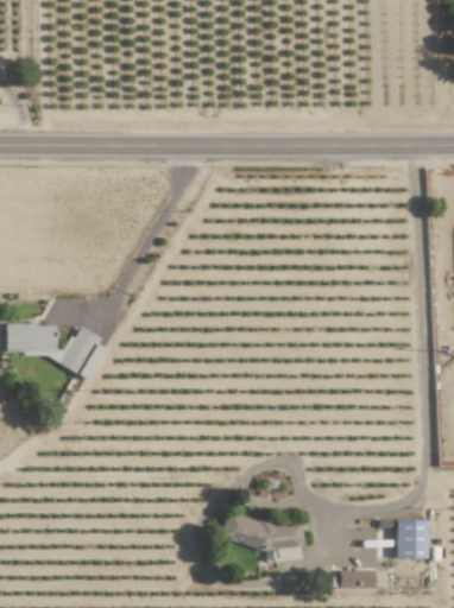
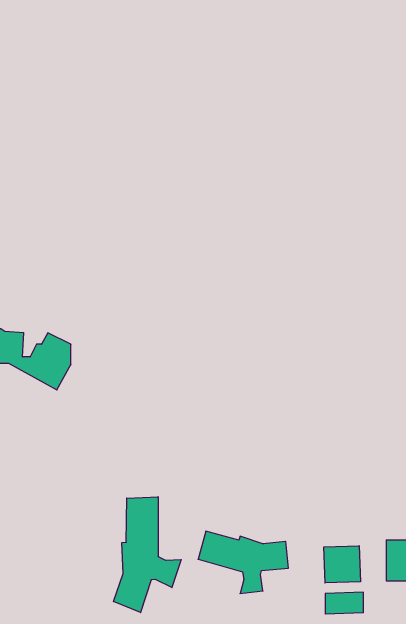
building: none -> [114,497,181,613]
building: none -> [324,546,360,583]

